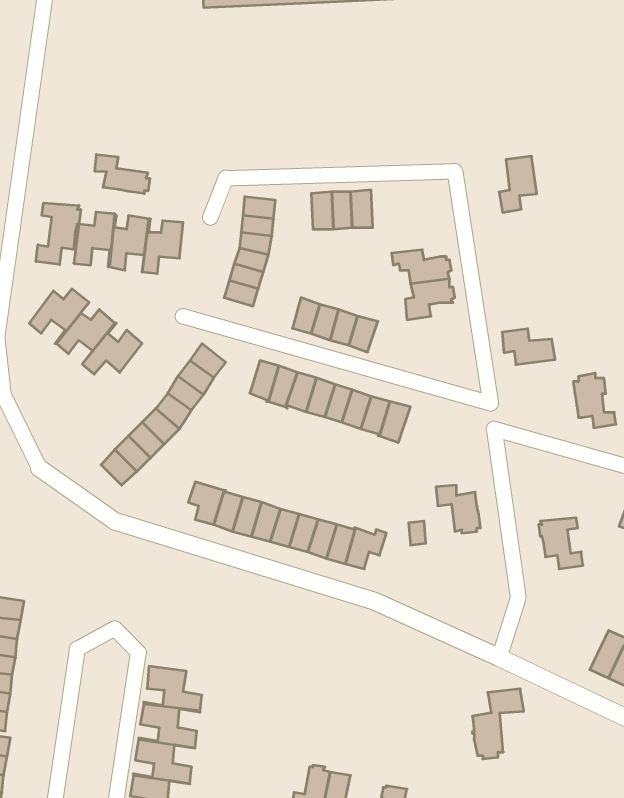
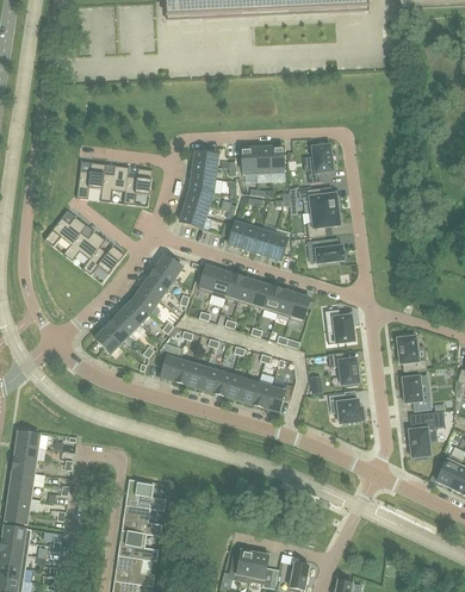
building: [95,154,150,194] -> none
building: [499,156,537,212] -> [306,143,333,182]
building: [36,203,81,265] -> none
building: [502,329,555,365] -> [306,237,343,262]
building: [573,373,616,428] -> [396,331,426,369]
building: none -> [323,307,353,341]
building: none -> [328,392,365,422]
building: [472,689,524,759] -> [408,410,444,459]

